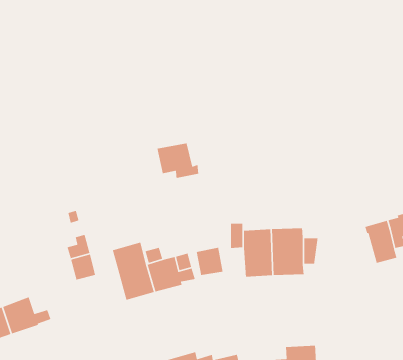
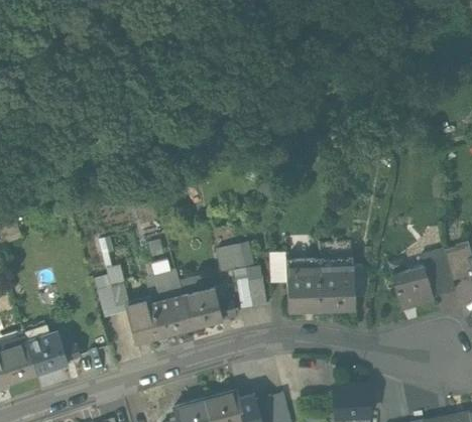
building: [156,143,199,179] -> [215,244,261,283]
building: none -> [389,264,433,309]
building: none -> [126,299,160,342]

